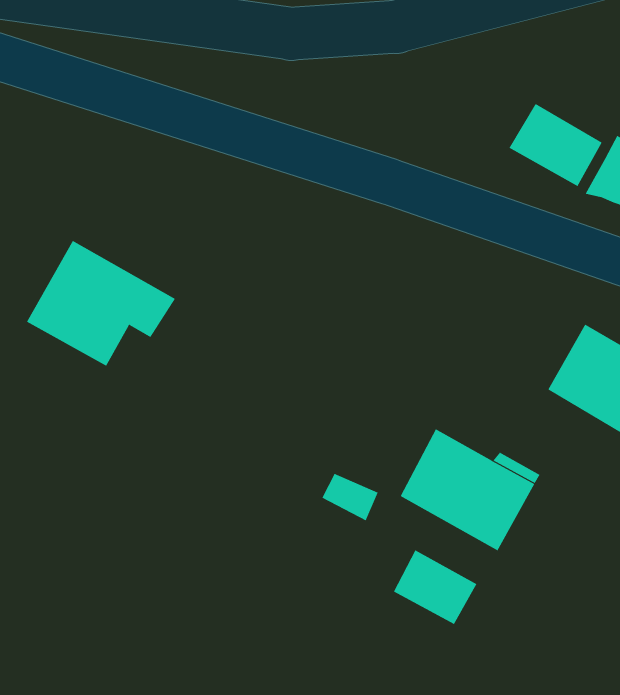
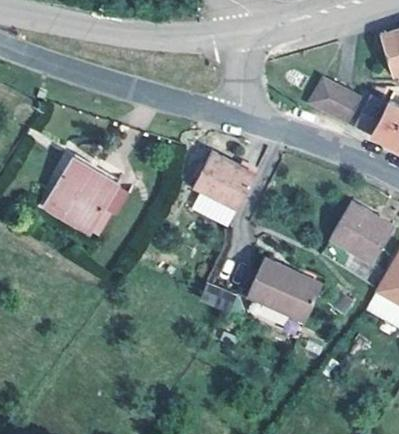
building: none -> [191,152,254,214]
building: [393,550,477,625] -> none

